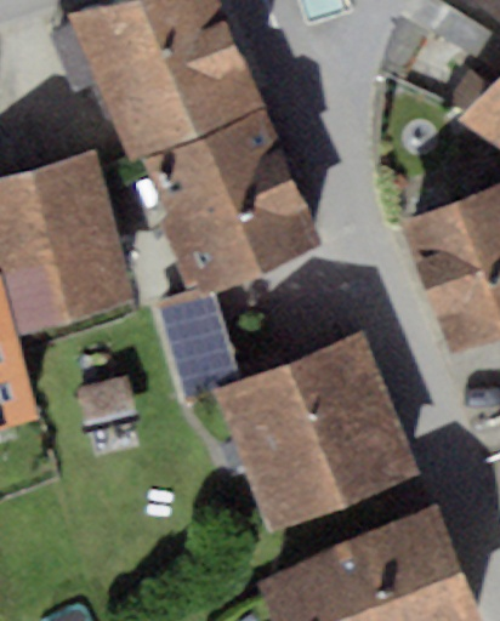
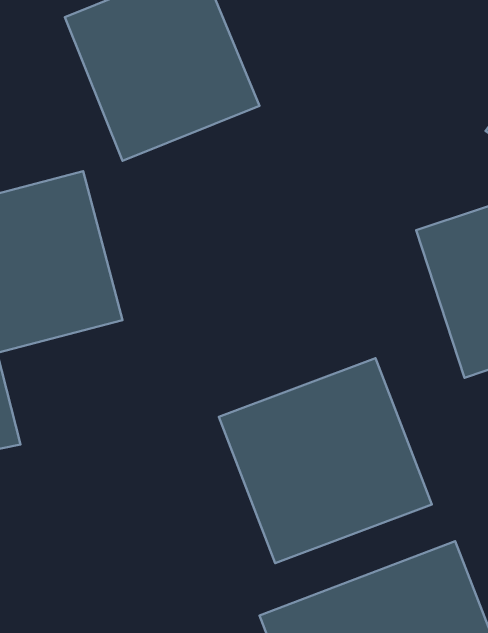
building: [137,115,319,298] -> none

